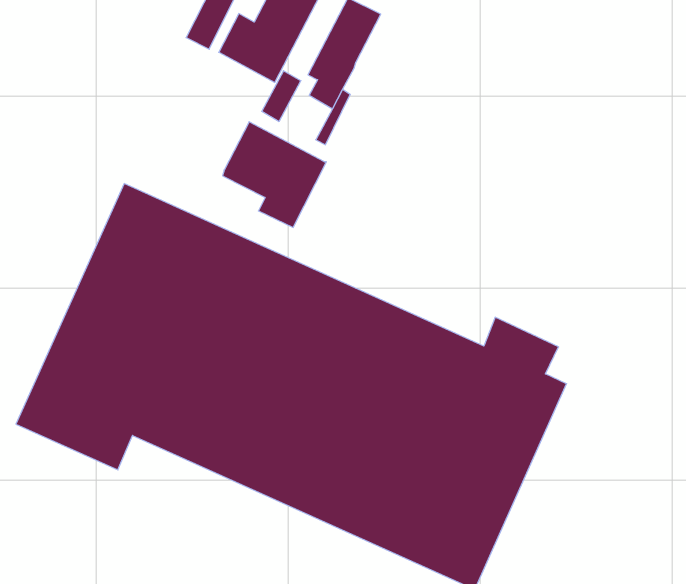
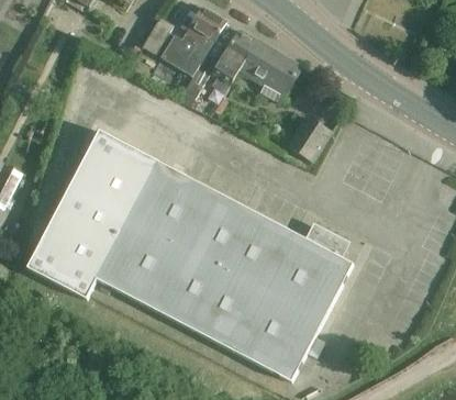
building: [223,122,326,227] -> [238,38,300,102]
building: none -> [286,115,330,160]

